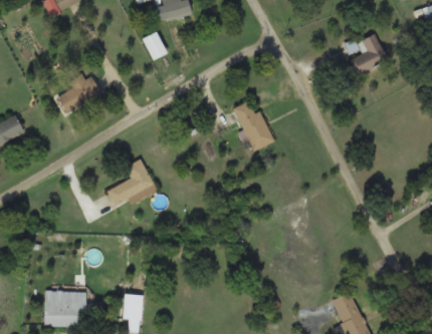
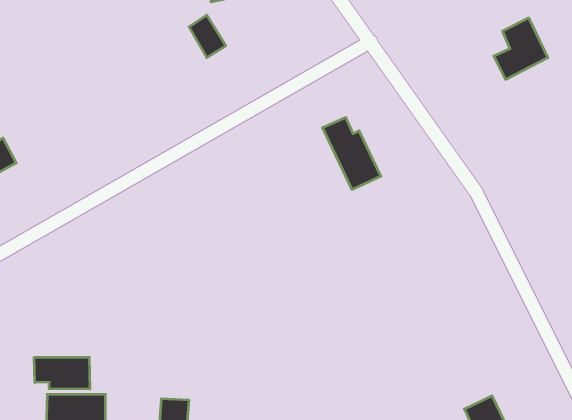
building: [56,74,100,113] -> none
building: [106,159,156,205] -> none
building: none -> [34,357,90,389]

